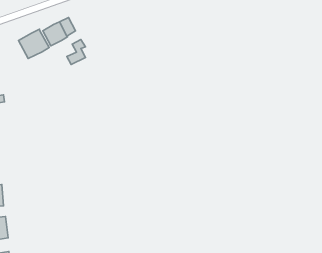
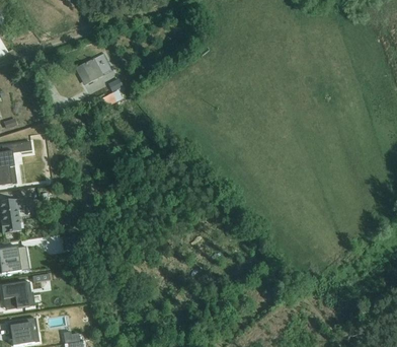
building: [19,29,49,59] -> none

